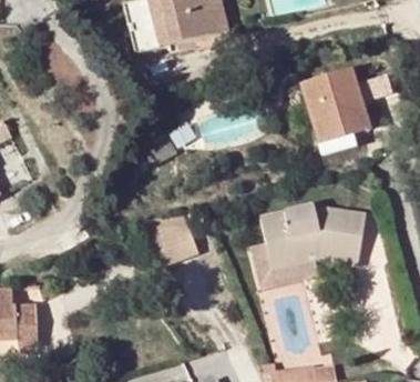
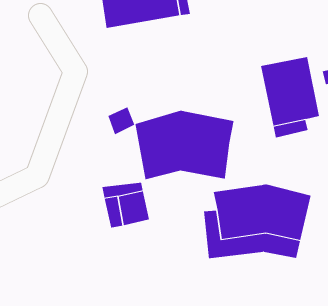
building: none -> [135,110,234,180]

